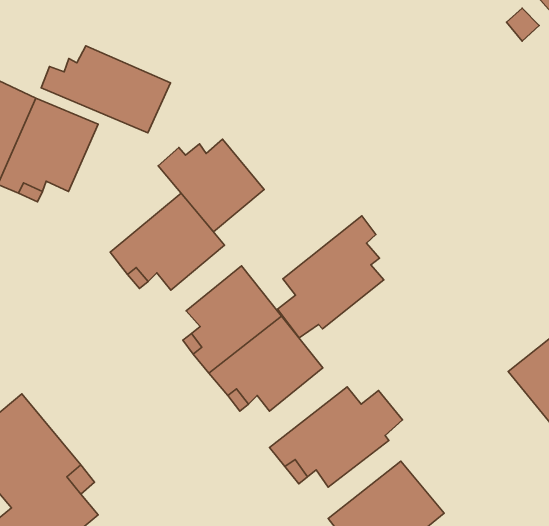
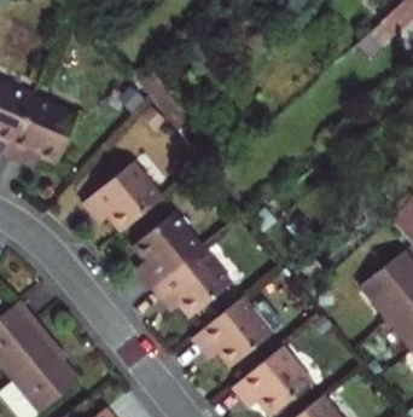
building: [41,46,171,133] -> none
building: [158,139,264,232] -> none
building: [278,216,384,338] -> none

